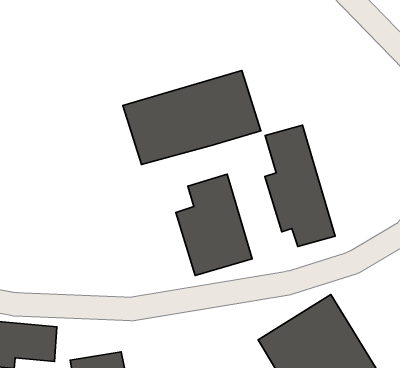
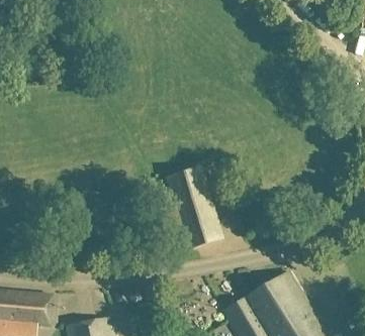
building: [123,70,261,165] -> none
building: [265,125,335,246] -> none

